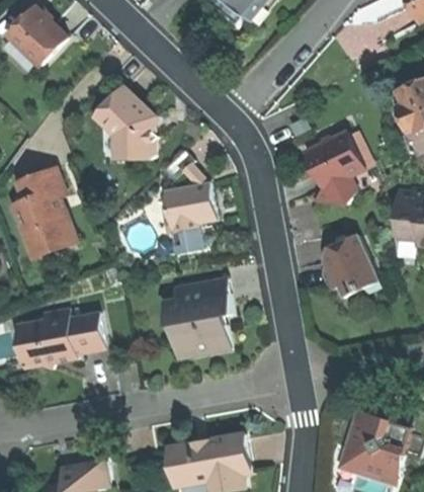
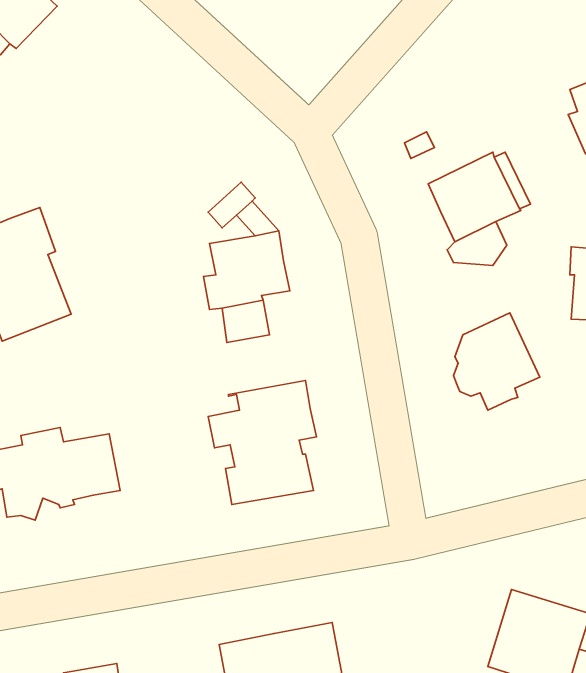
building: [98,87,157,160] -> none

